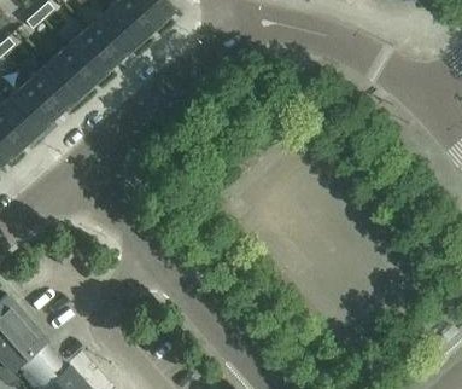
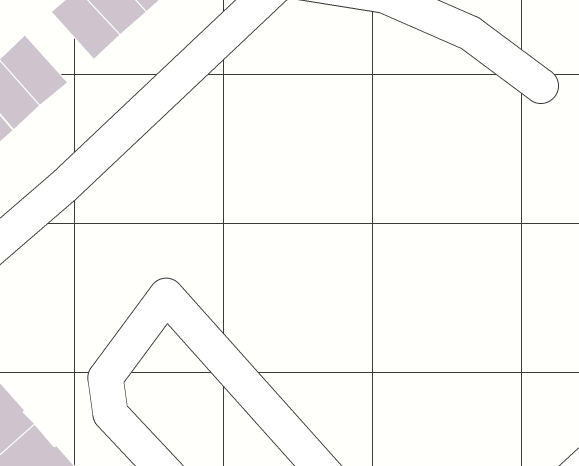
building: [47,46,98,98] -> none

